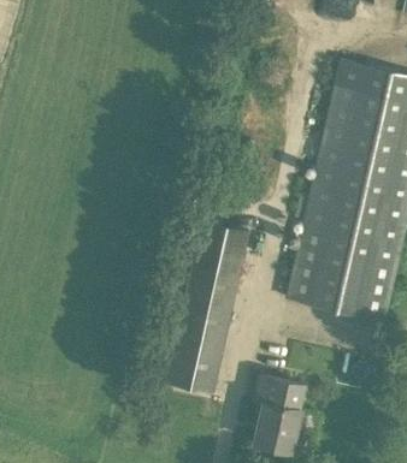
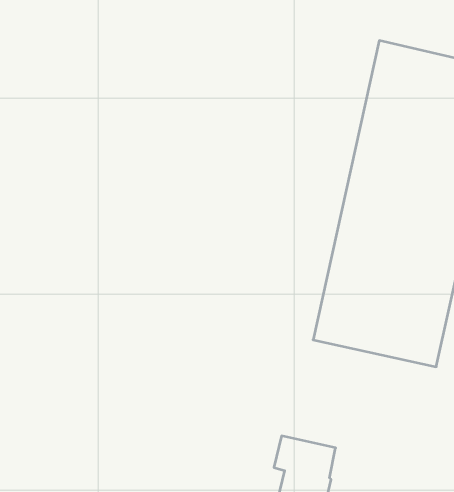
building: [167,222,249,394] -> none

